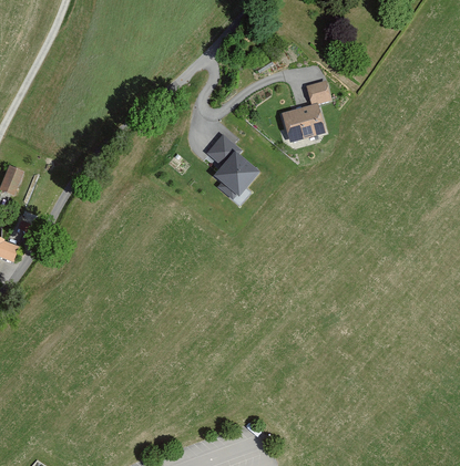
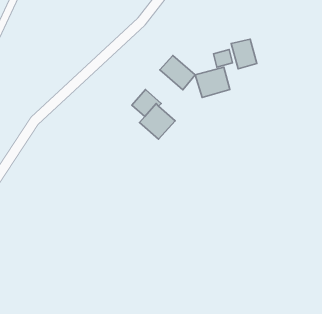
building: none -> [231,39,257,69]
building: none -> [160,55,195,90]

